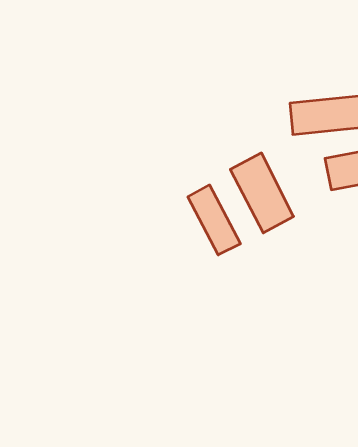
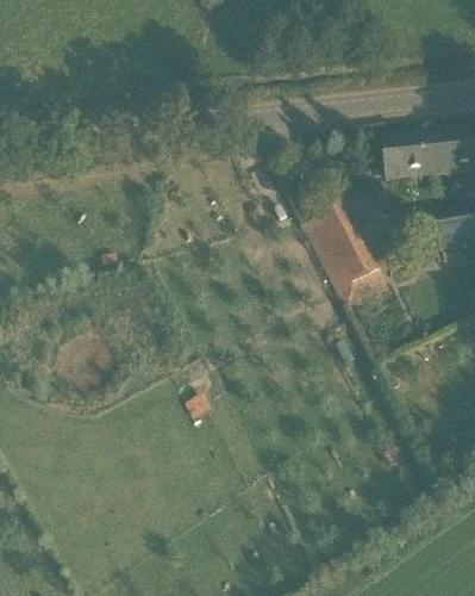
building: [188,185,240,255] -> none

